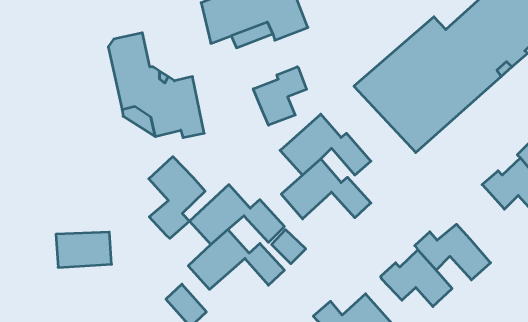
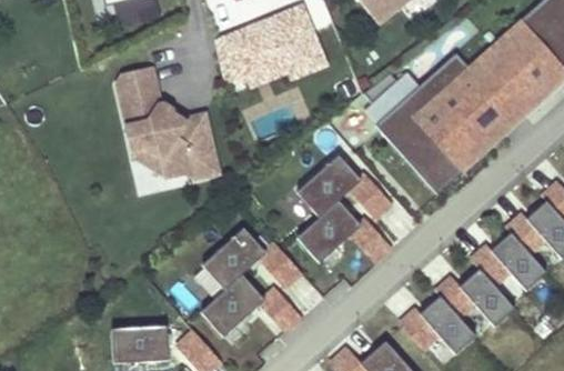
building: [253,67,307,125] -> none
building: [149,157,205,238] -> none
building: none -> [472,231,546,290]
building: [56,232,112,267] -> [111,325,169,362]

